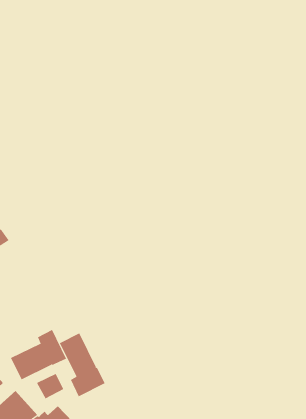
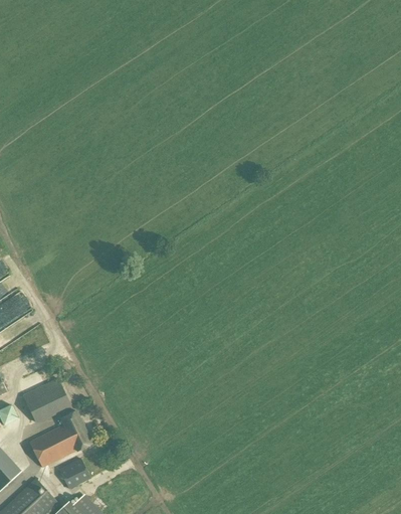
building: none -> [22,380,69,422]
building: [59,333,106,397] -> none

